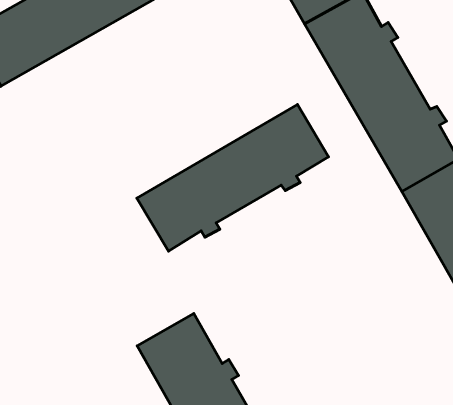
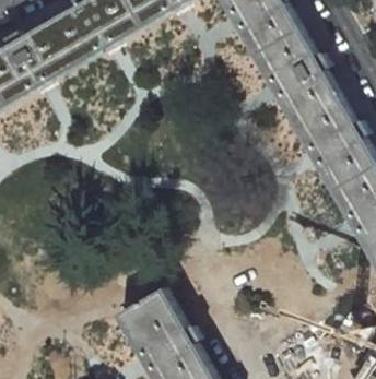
building: [137,105,328,251] -> none

